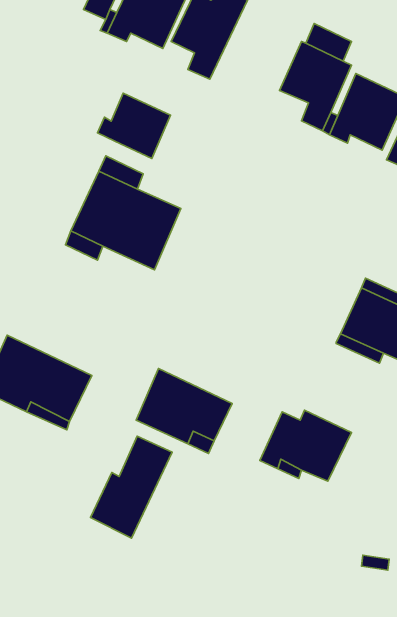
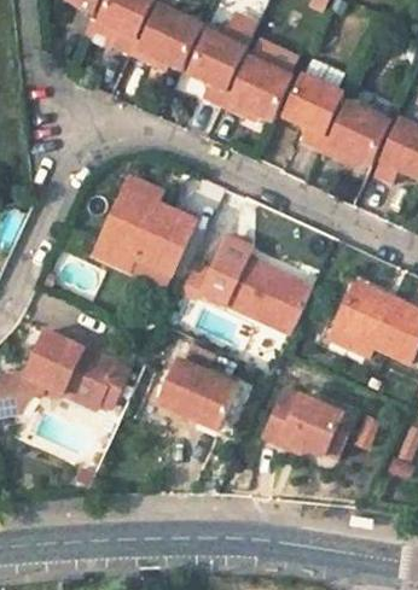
building: none -> [225,56,294,121]
building: [98,93,171,159] -> none
building: none -> [202,238,313,333]
building: [91,436,172,538] -> none

